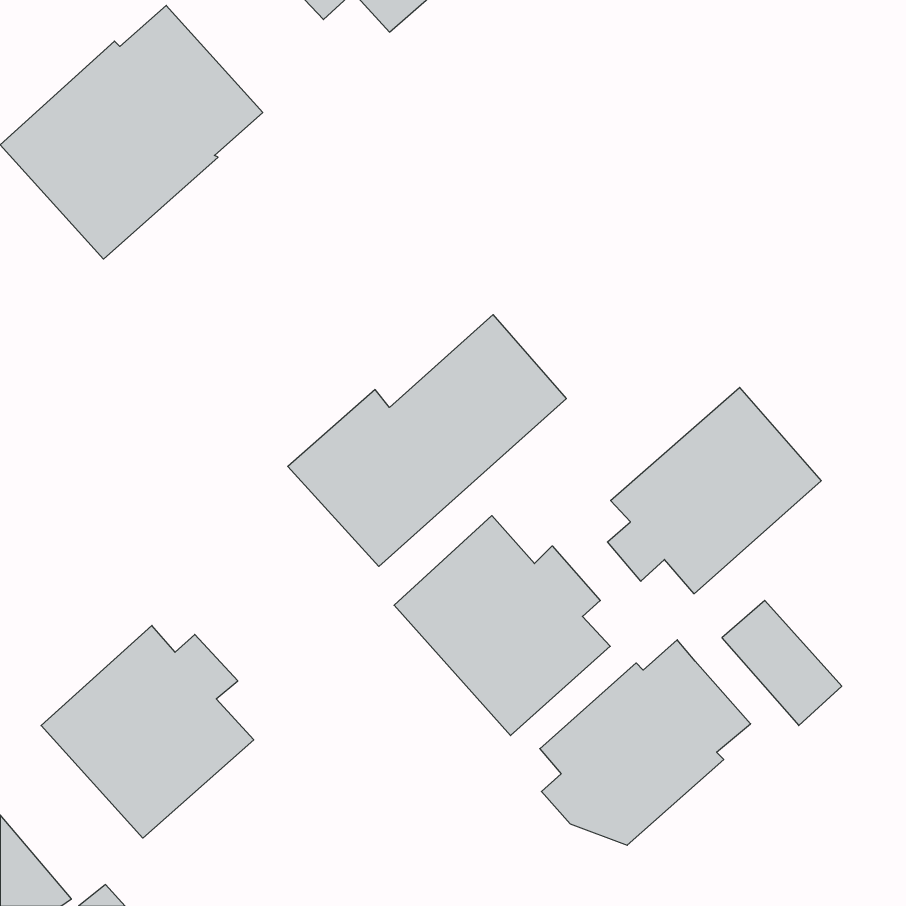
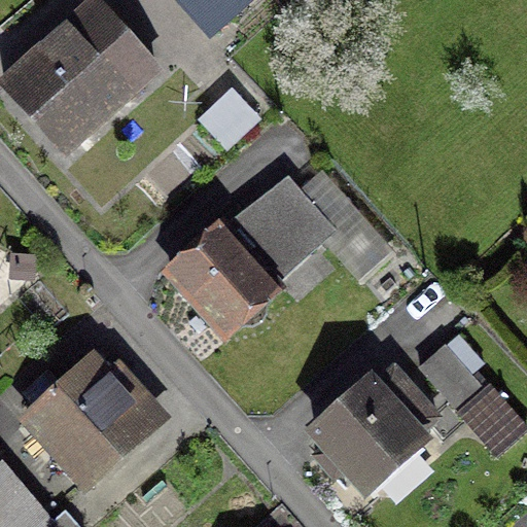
building: [607,387,821,594] -> none
building: [394,516,610,736] -> none

